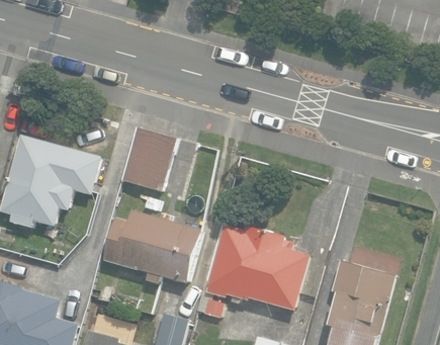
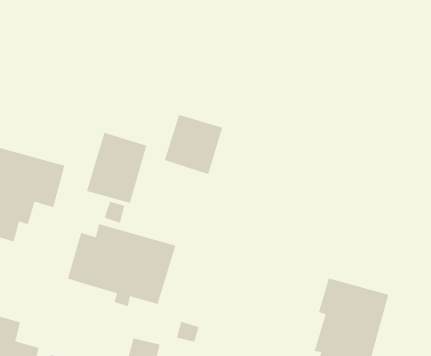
building: none -> [164,114,223,175]
building: [204,224,310,310] -> none

